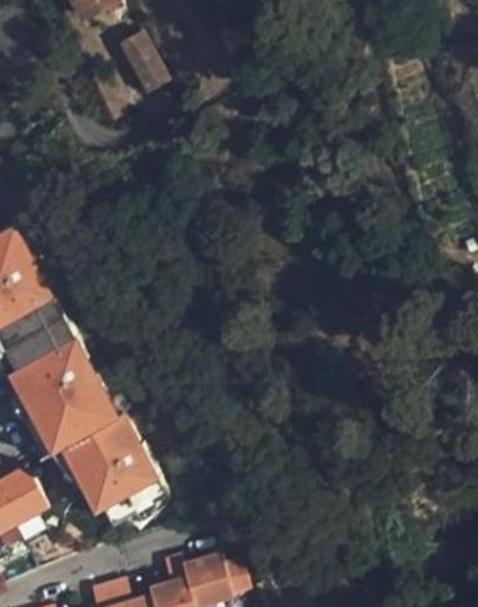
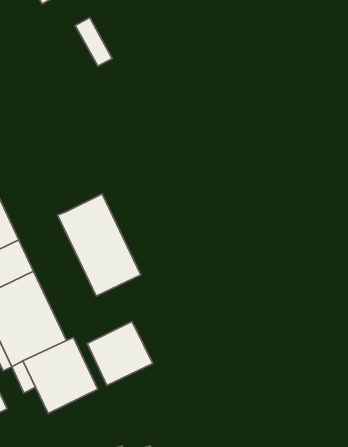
building: none -> [57,194,141,296]
building: none -> [87,321,153,386]

